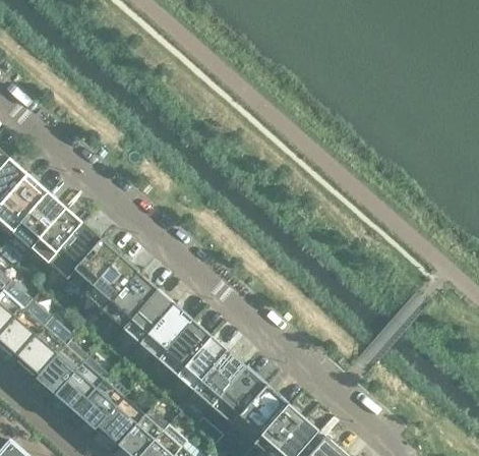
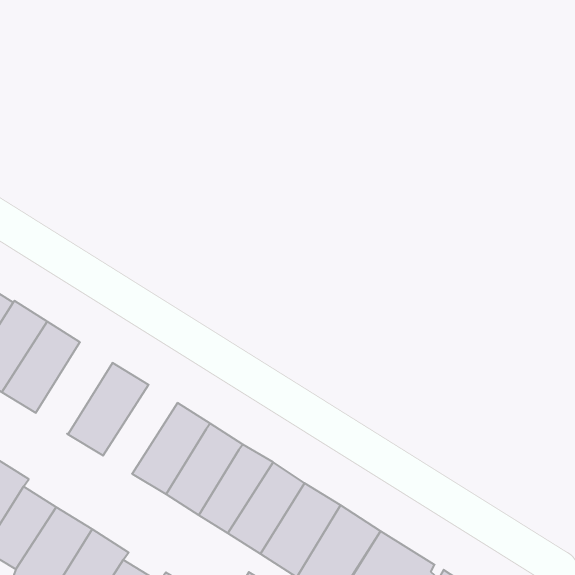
building: [85,254,139,312] -> none
building: [123,290,175,344] -> none

